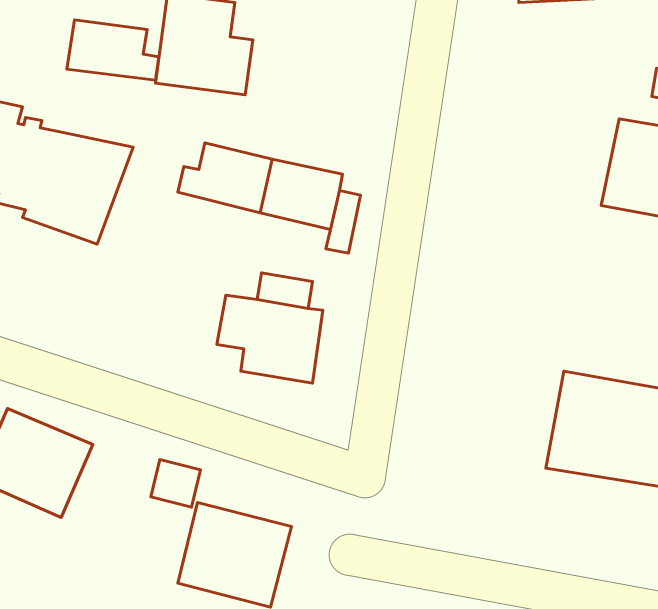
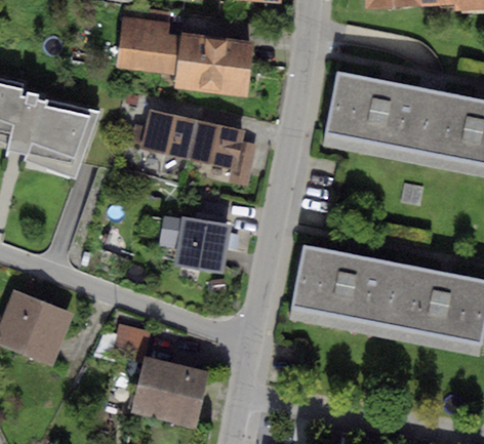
building: [67,20,159,80] -> none
building: none -> [176,32,253,93]
building: none -> [327,73,434,152]
building: none -> [289,247,396,332]

